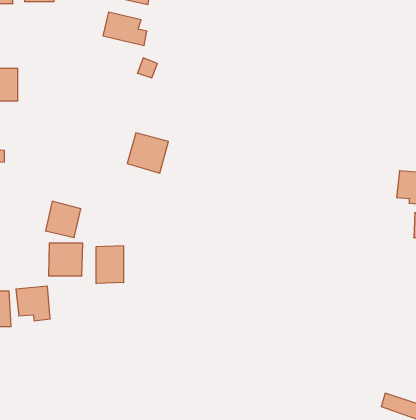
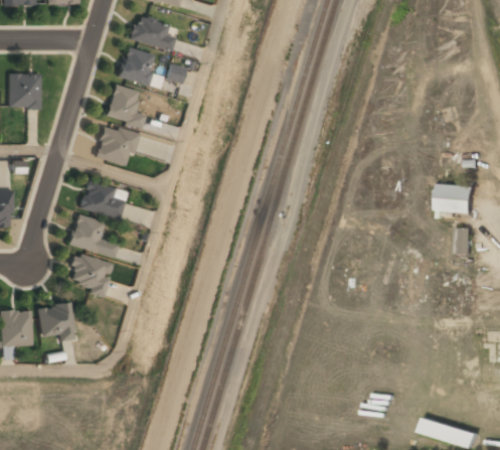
building: none -> [118,46,157,85]
building: none -> [105,85,144,128]
building: [127,133,168,173] -> [95,125,138,167]
building: none -> [78,181,123,218]
building: [96,246,124,284] -> none

